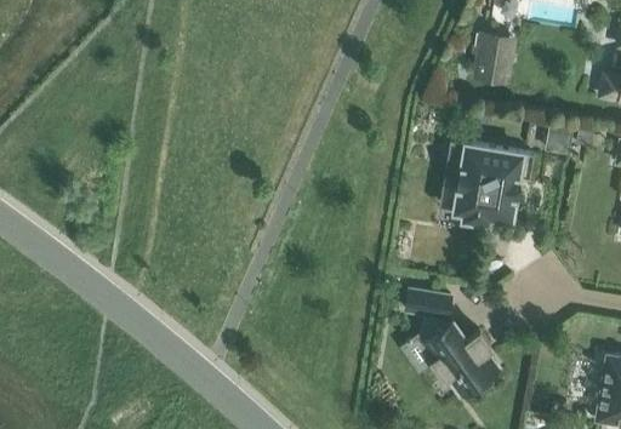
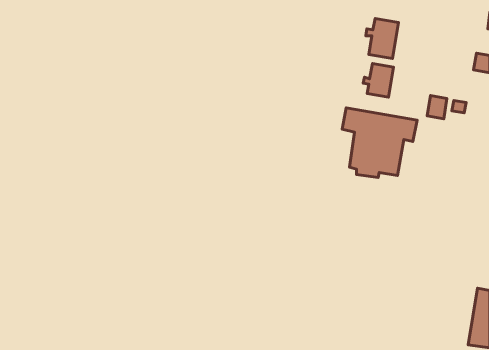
building: none -> [363,63,394,97]
building: [405,290,498,396] -> none

